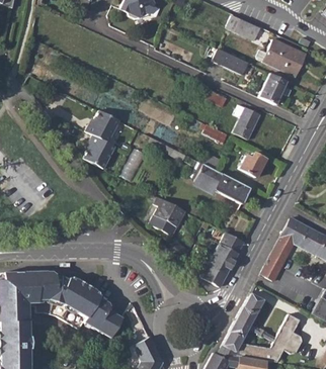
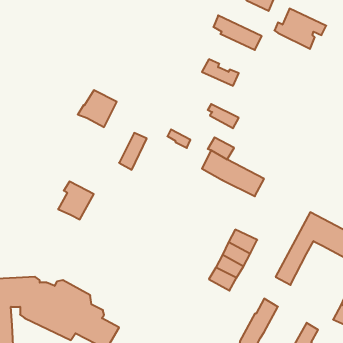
building: [258,73,292,103] -> none
building: [233,104,259,139] -> none
building: [84,134,115,168] -> [58,181,94,219]
building: [238,153,266,177] -> none
building: [148,197,184,237] -> none

